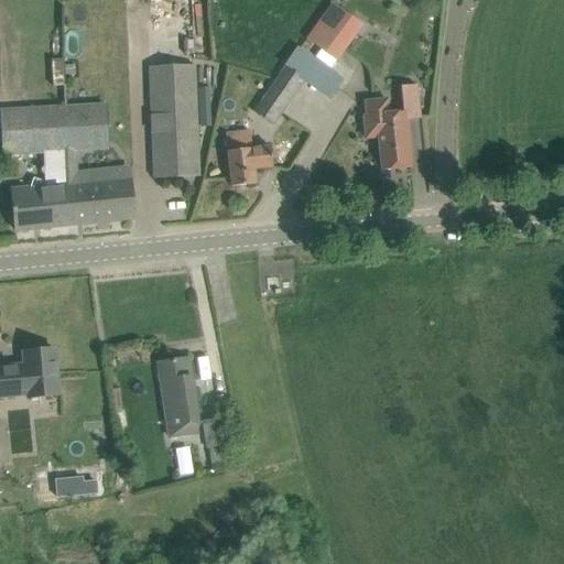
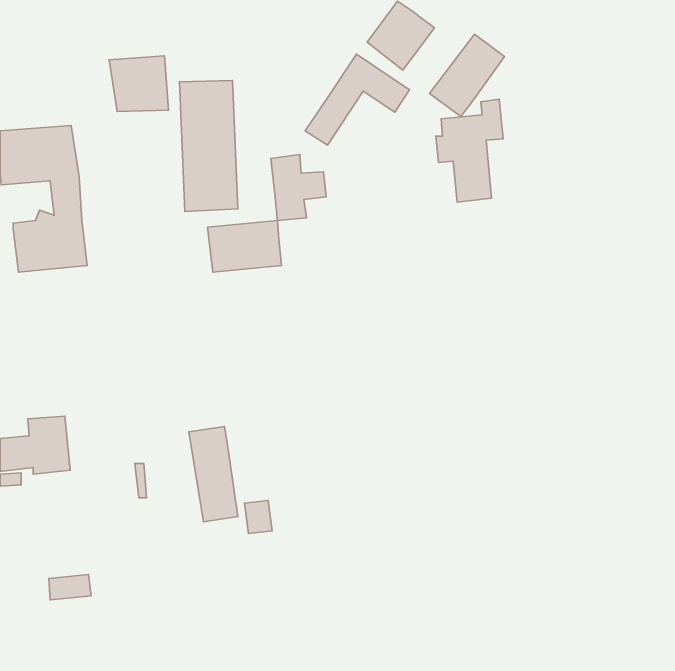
building: none -> [430,34,505,117]
building: [59,101,109,148] -> [109,56,169,111]
building: [68,178,130,221] -> [207,221,281,272]

